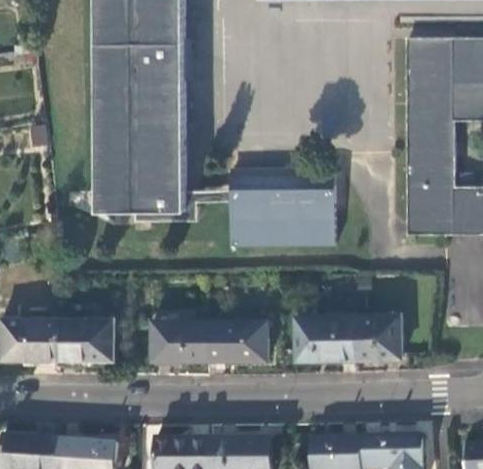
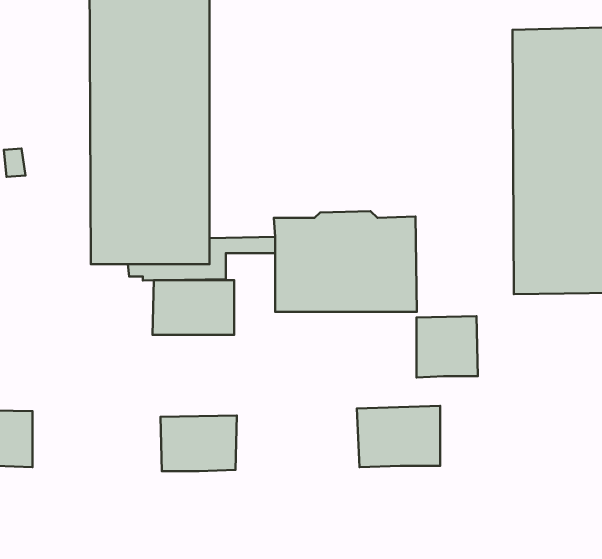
building: [354,312,399,357] -> [417,316,478,378]
building: [55,317,111,360] -> none
building: [204,320,264,360] -> [152,280,234,335]

